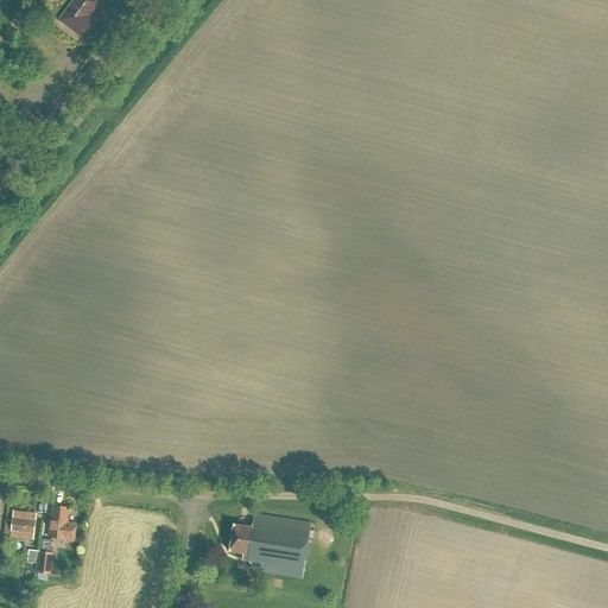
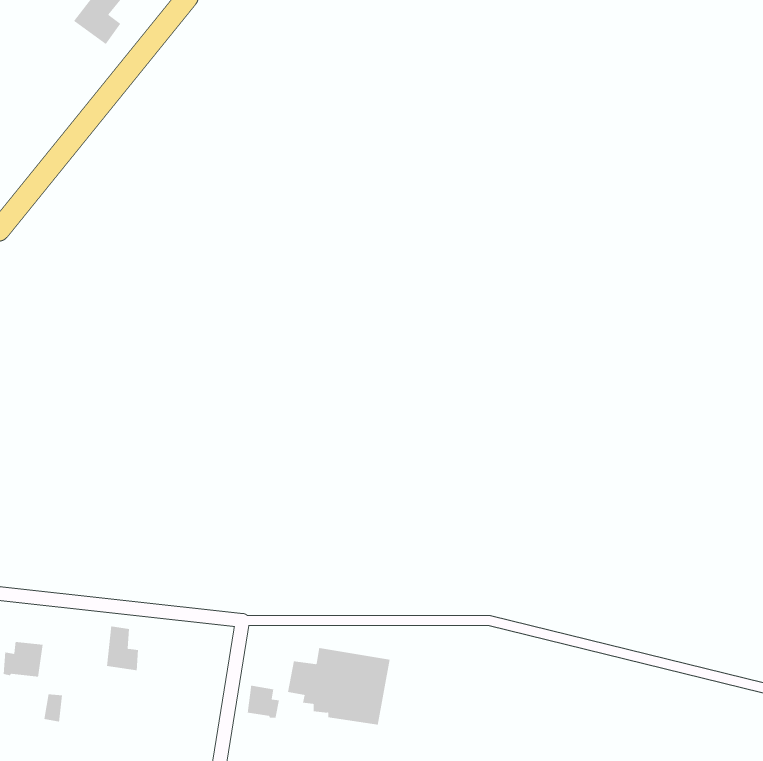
building: [48,505,74,540] -> [106,626,139,671]
building: none -> [247,685,280,719]

